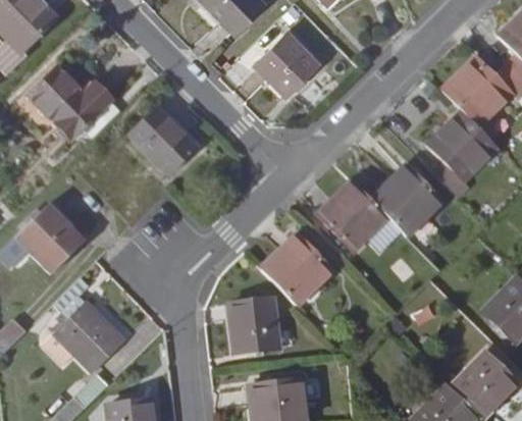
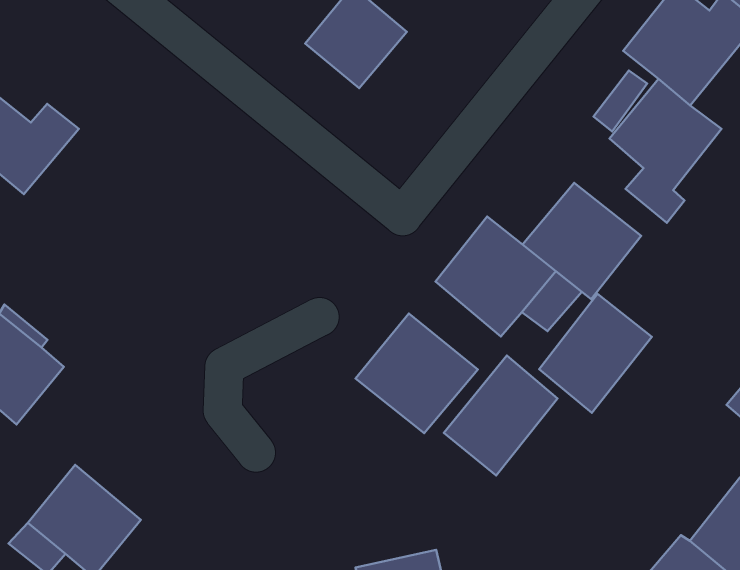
building: [126,108,192,174] -> none
building: none -> [539,294,652,413]
building: none -> [444,355,558,475]
building: [228,302,274,351] -> none

